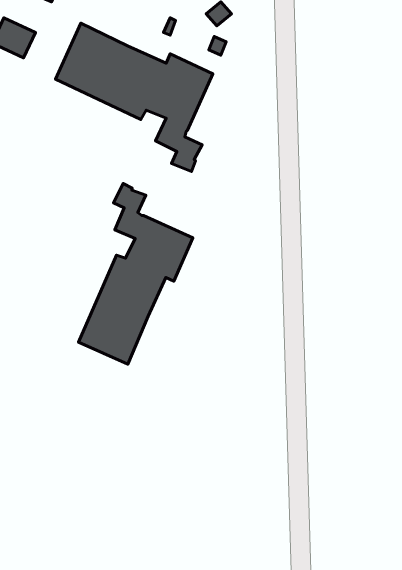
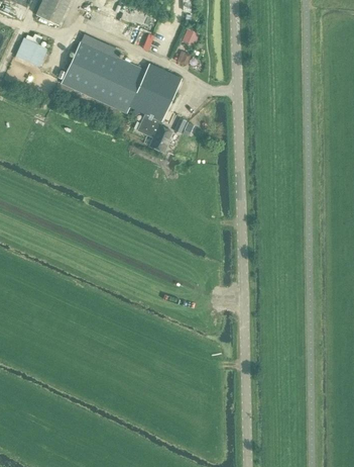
building: [78,183,193,364] -> none

